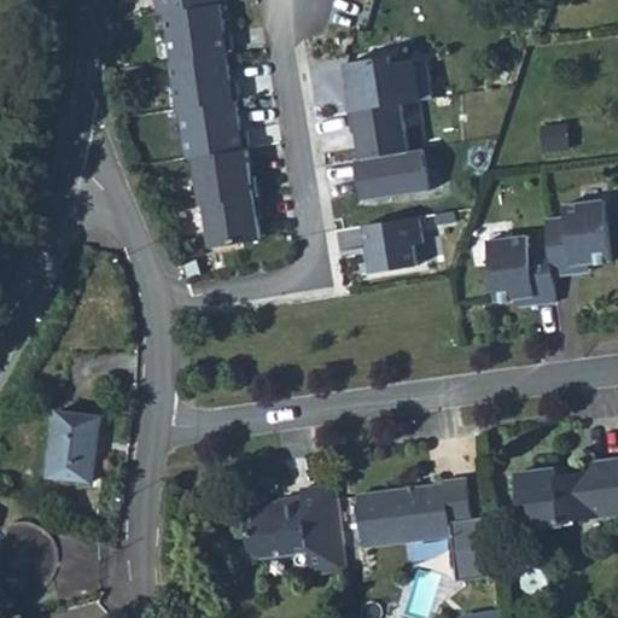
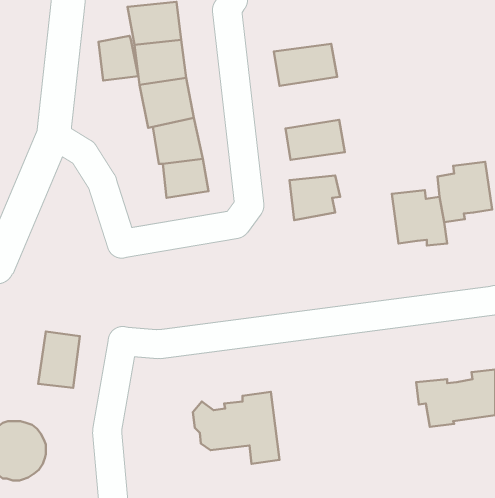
building: none -> [98,36,138,80]
building: [346,101,424,154] -> none
building: [356,477,495,579] -> none

